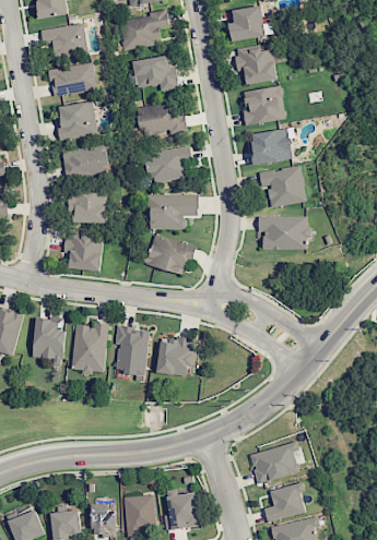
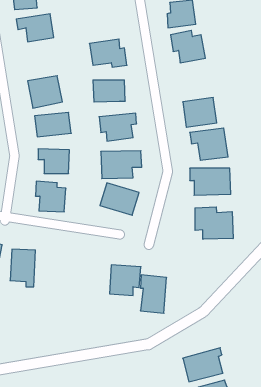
building: [118,11,169,50] -> none
building: [48,62,96,95] -> none
building: [243,85,285,125] -> none
building: none -> [195,207,233,239]
building: [71,322,108,372] -> none
building: [116,326,149,374] -> [140,275,167,313]

